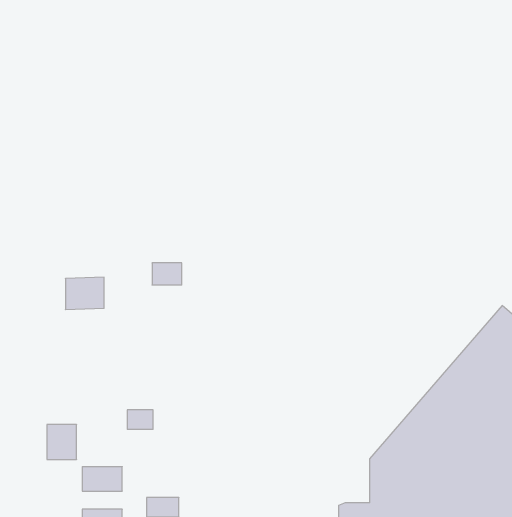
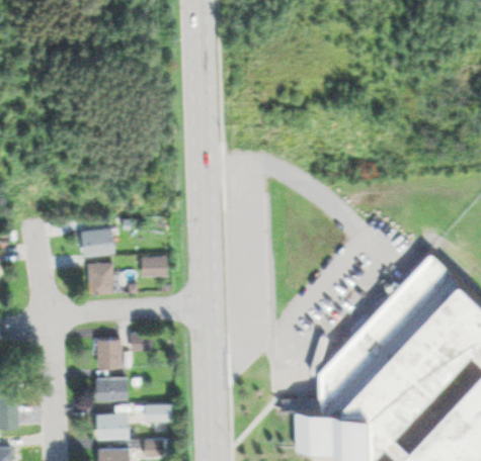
building: [152,263,182,285] -> [143,260,166,277]
building: none -> [89,266,112,294]
building: [47,425,77,459] -> [97,341,121,368]

